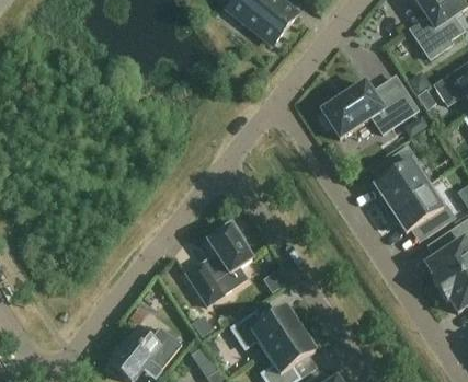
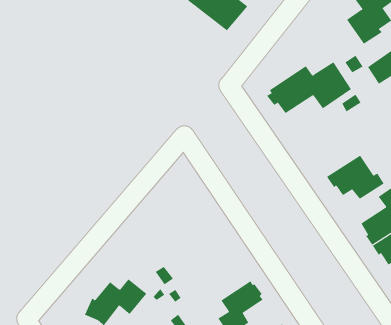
building: [375,146,427,209] -> none
building: [187,219,253,304] -> none
building: [232,306,301,351] -> none

